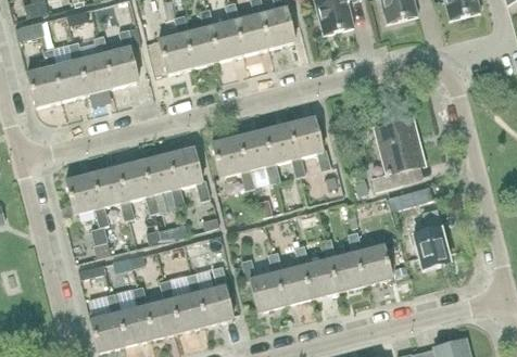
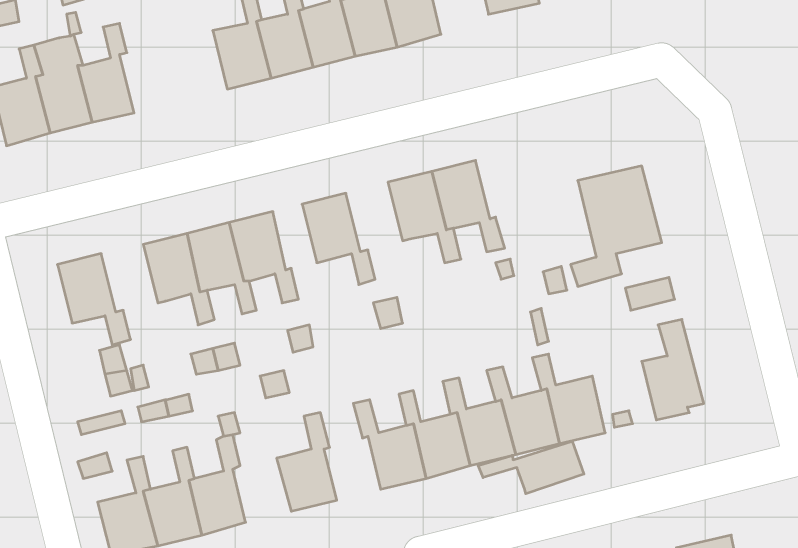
building: [103,29,138,88] -> none
building: [238,129,280,183] -> none
building: [92,166,135,219] -> none
building: [171,272,205,331] -> none
building: none -> [478,441,584,494]

